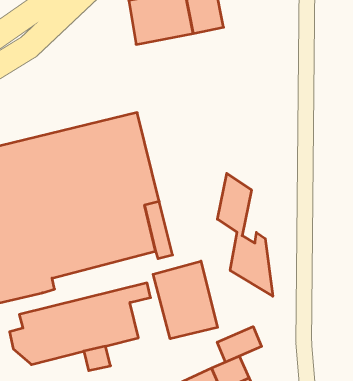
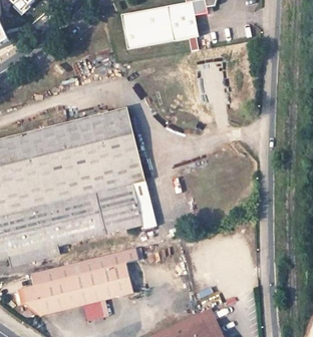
building: [217,173,273,296] -> none
building: [153,261,218,339] -> none
building: [217,327,262,362] -> none

